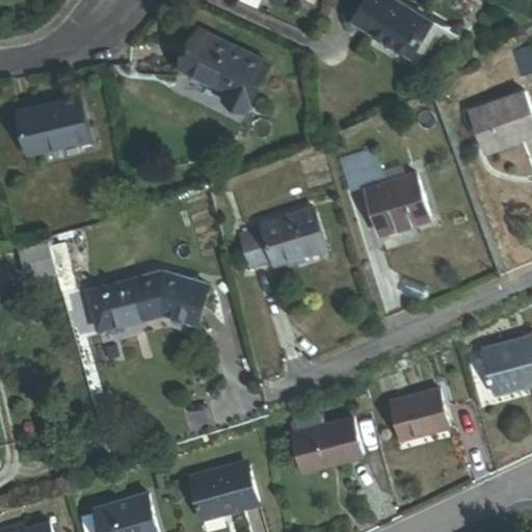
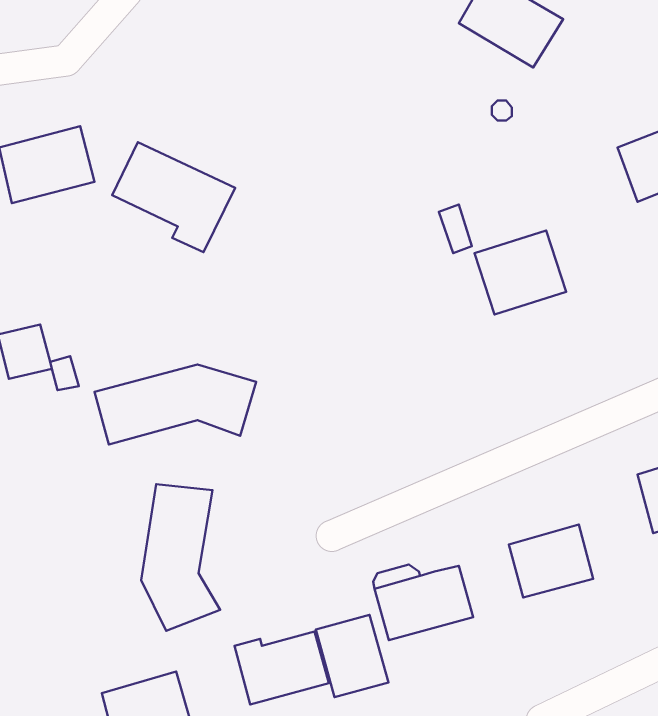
building: [179,31,268,111] -> [112,142,235,252]
building: [237,205,323,268] -> none
building: none -> [141,484,220,631]
building: none -> [316,615,388,697]

